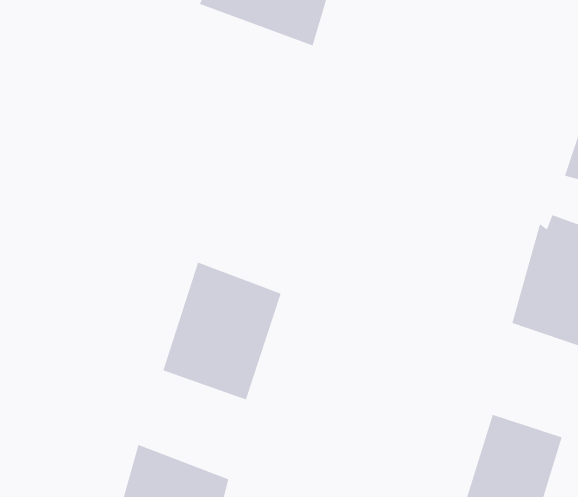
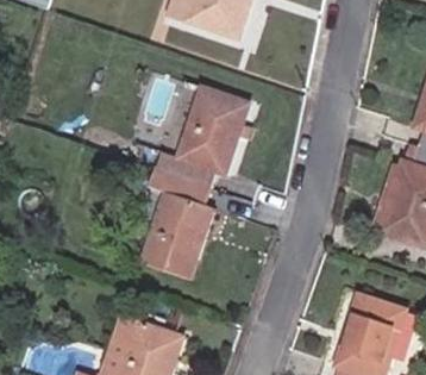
building: none -> [156,85,255,187]

